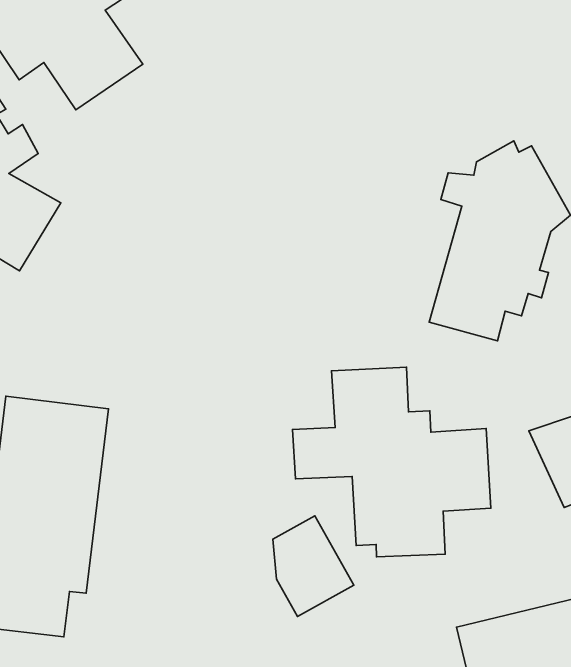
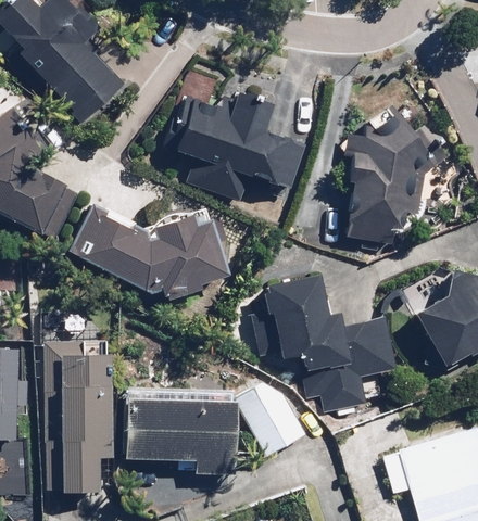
building: none -> [154,89,309,206]
building: none -> [70,204,236,306]
building: none -> [121,374,232,495]

